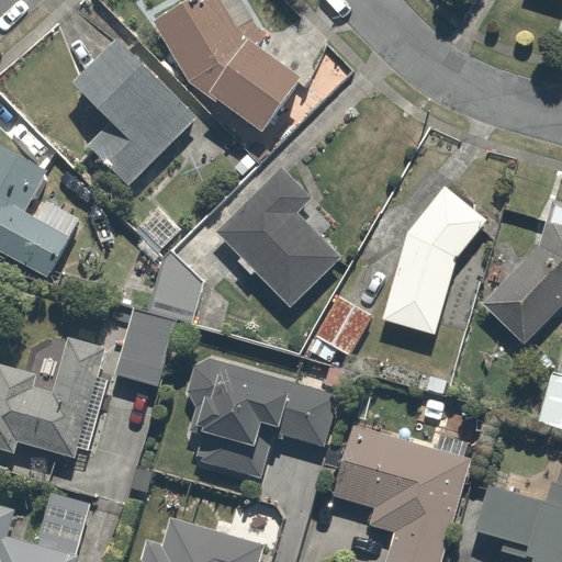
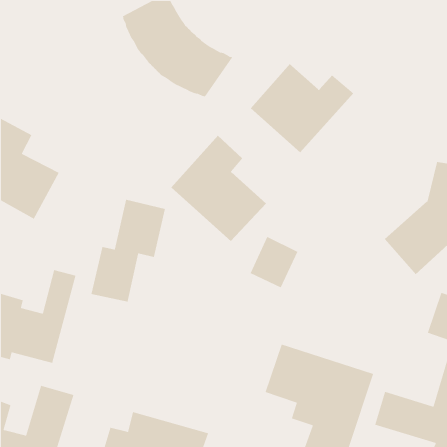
building: [71,38,198,188] -> none
building: none -> [250,63,354,153]
building: [384,188,488,334] -> none
building: [186,356,340,474] -> none

